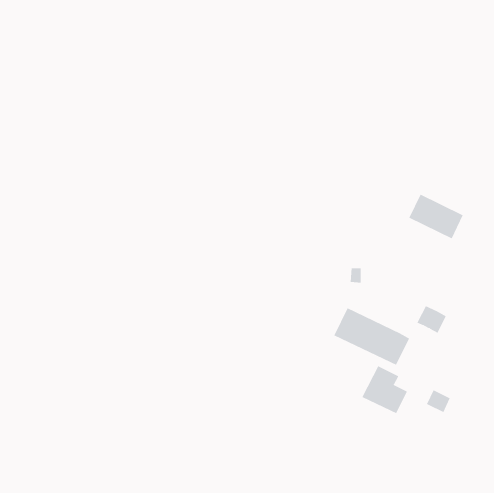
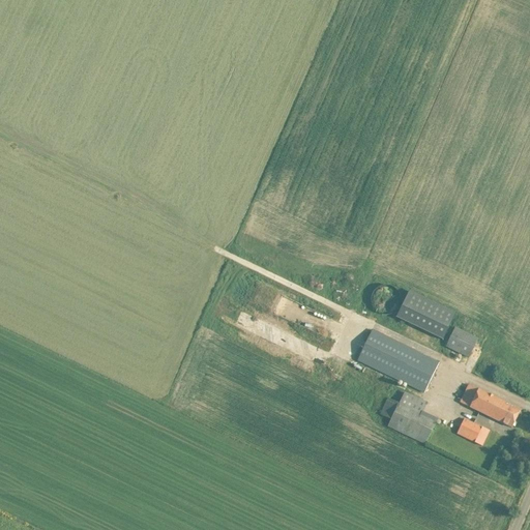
building: [409,194,464,239] -> [396,288,455,336]
building: none -> [461,384,521,426]

